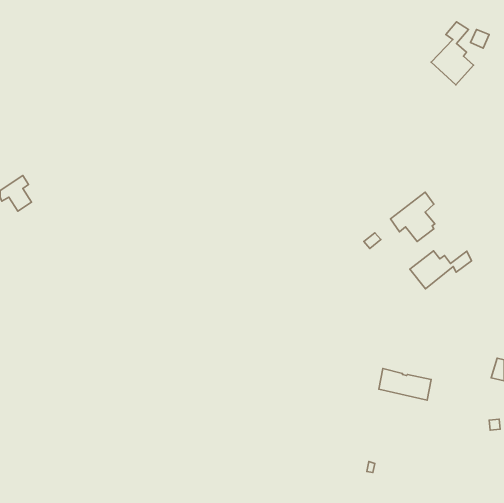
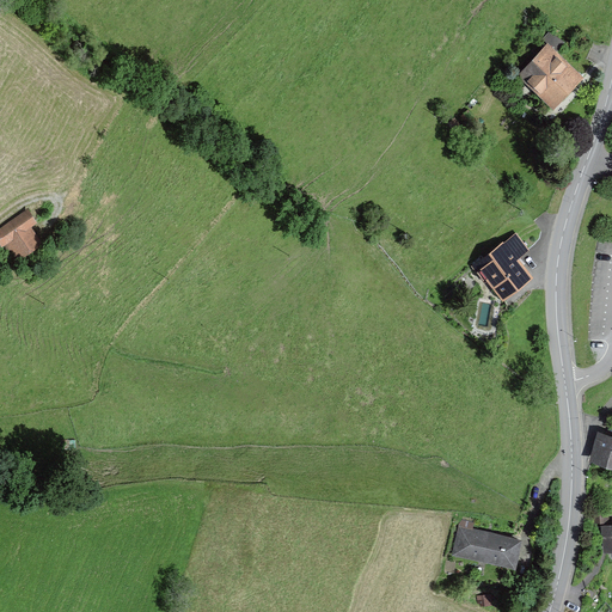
building: [410,251,472,289] -> none
building: [379,369,431,400] -> [455,528,519,567]

